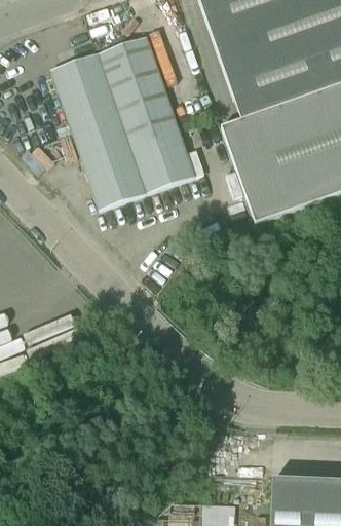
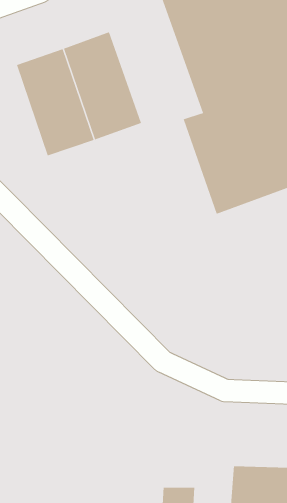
building: [82,128,194,209] -> none

